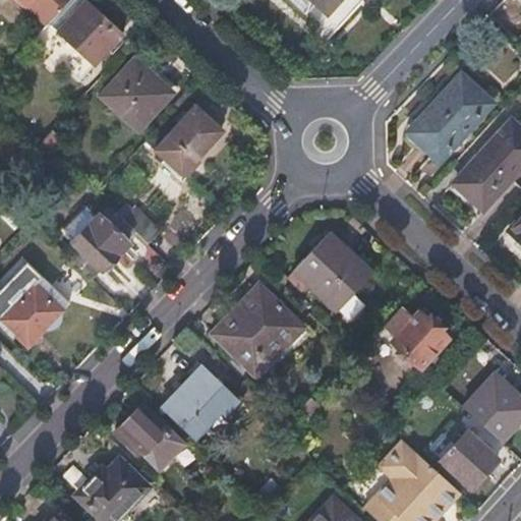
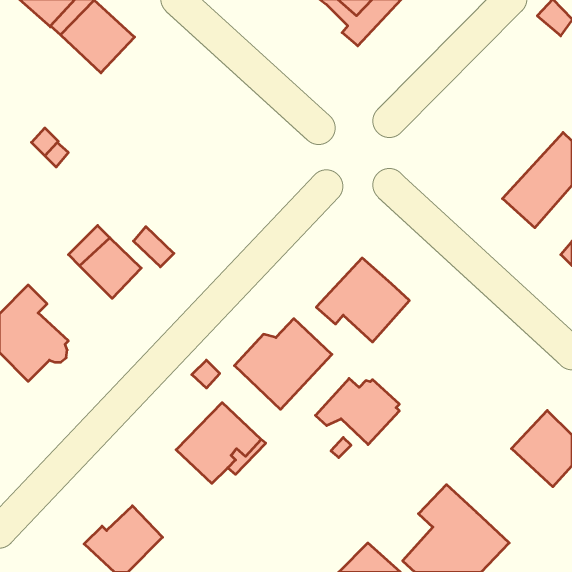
building: [101,59,175,128] -> none
building: [407,74,491,160] -> none
building: [140,107,221,188] -> none
building: [372,308,449,368] -> [315,378,399,445]
building: [118,404,180,465] -> none
building: [441,431,498,489] -> none

